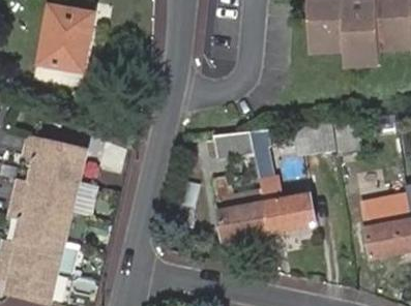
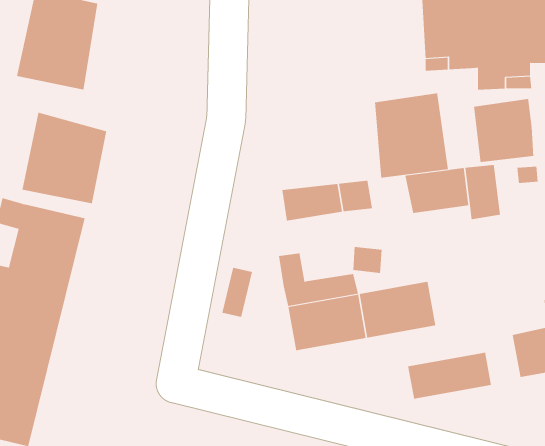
building: none -> [374,93,448,179]
building: none -> [473,98,534,163]
building: none -> [22,112,107,204]
building: none -> [408,352,491,399]

